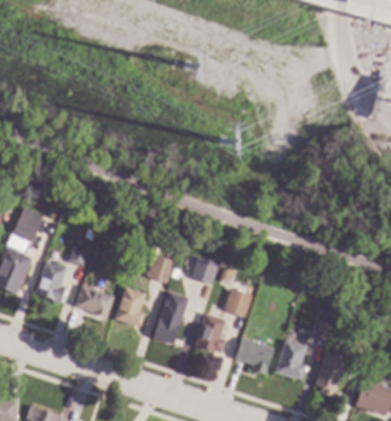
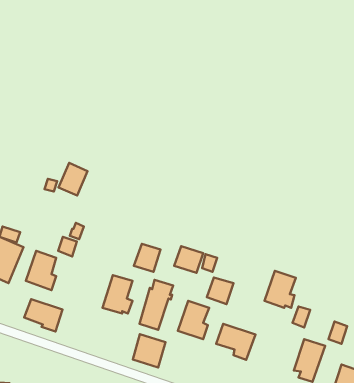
building: [13,207,44,241] -> [59,163,88,195]
building: [75,286,115,319] -> [24,299,63,332]
building: [275,340,307,379] -> [264,271,296,308]
building: none -> [133,334,165,367]

